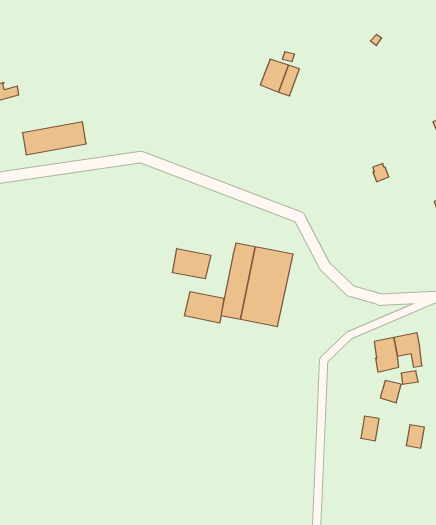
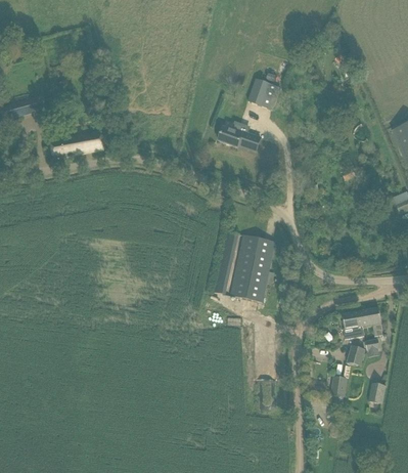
building: none -> [218,127,261,152]
building: [173,248,211,279] -> none
building: [185,292,224,323] -> none

